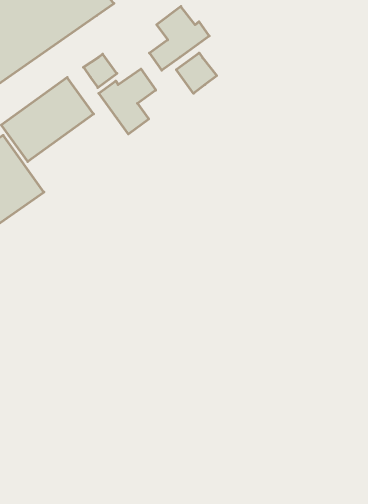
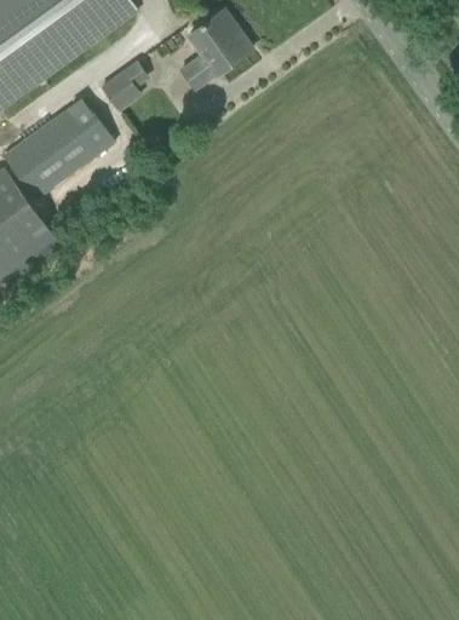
building: [176,53,217,93] -> none
building: [99,69,156,134] -> none

